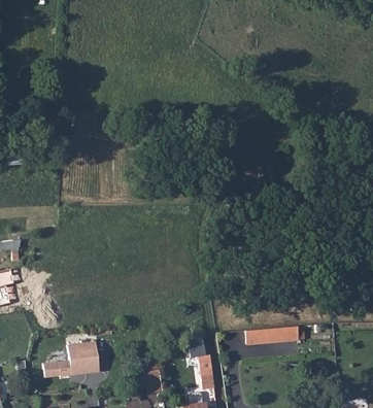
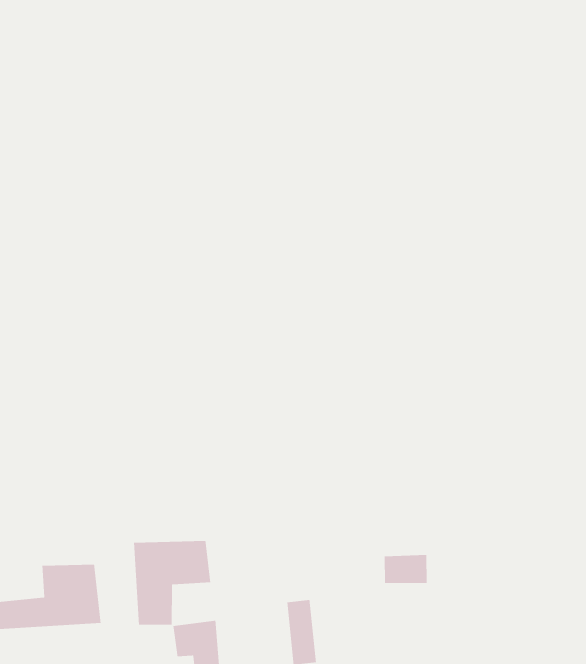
building: [267,326,298,343] -> none
building: none -> [133,540,211,625]

